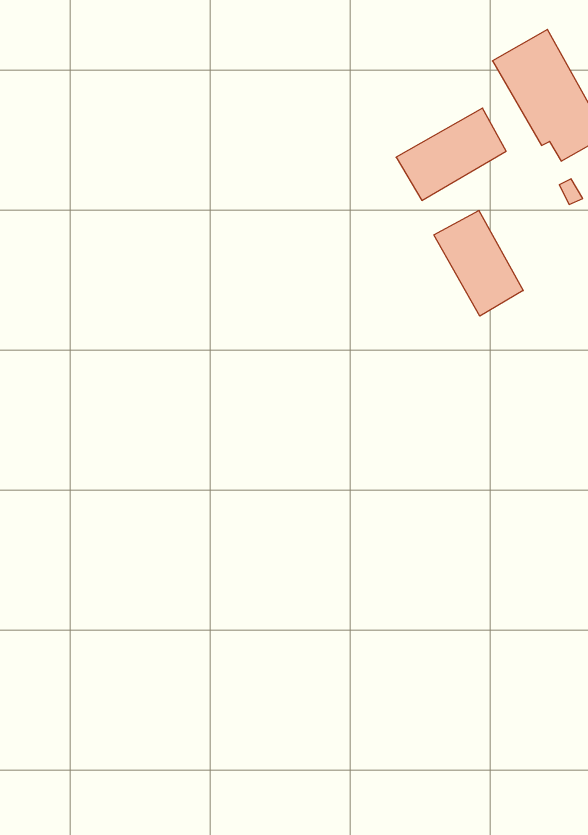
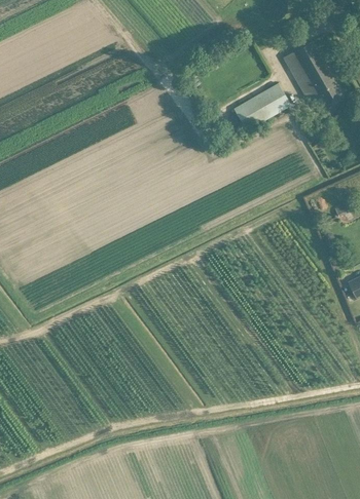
building: [434,210,523,316] -> none

